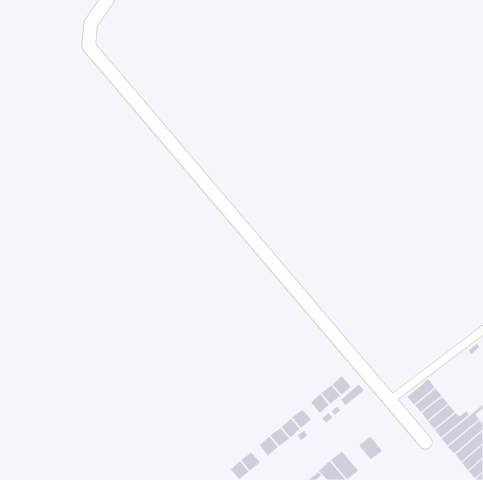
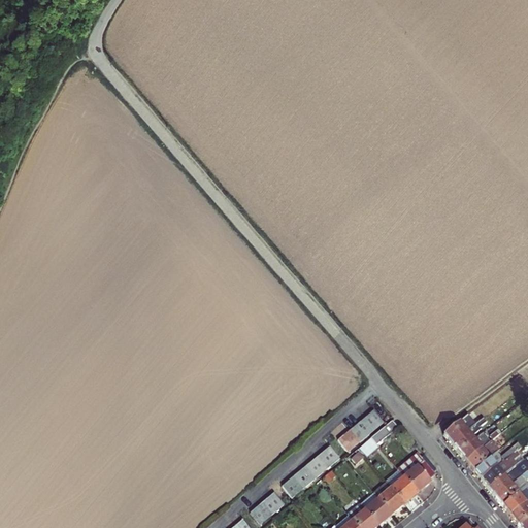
building: none -> [397,452,435,492]
building: none -> [373,481,404,514]

